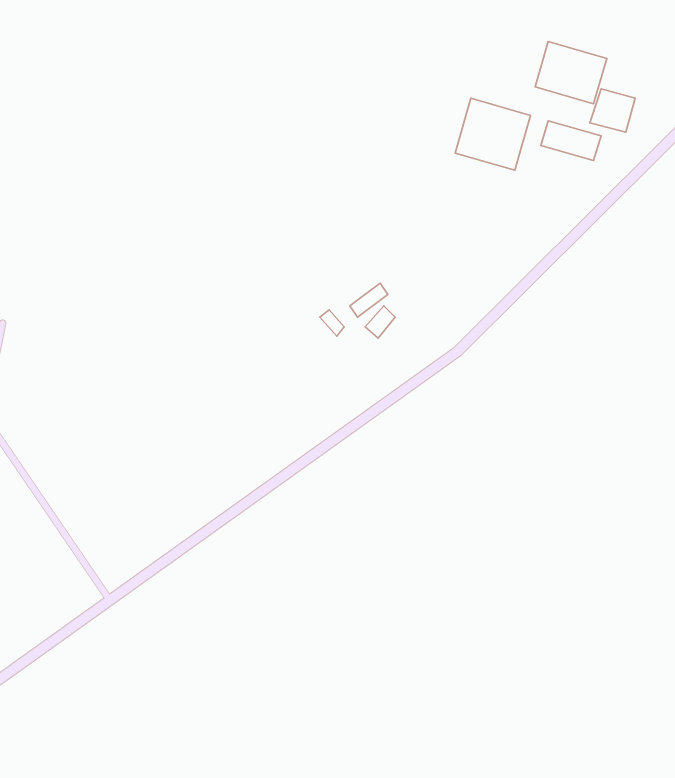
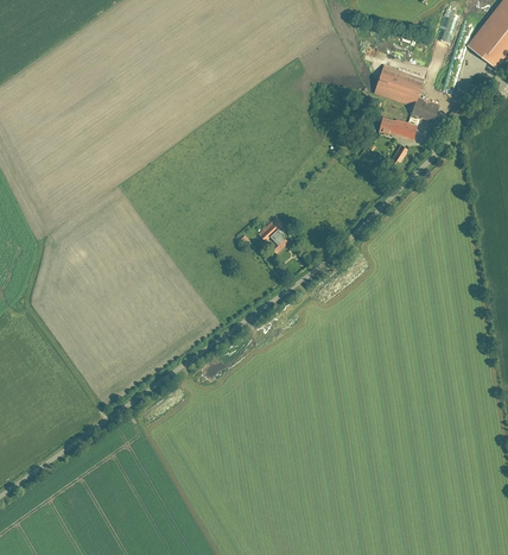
building: [455,98,530,170] -> none

